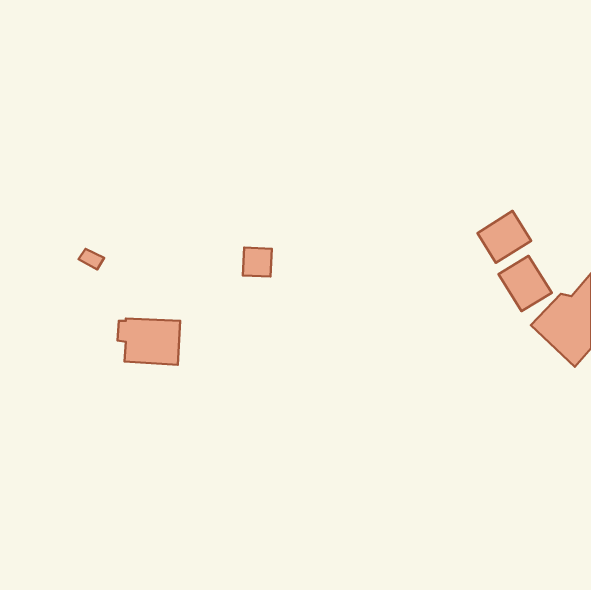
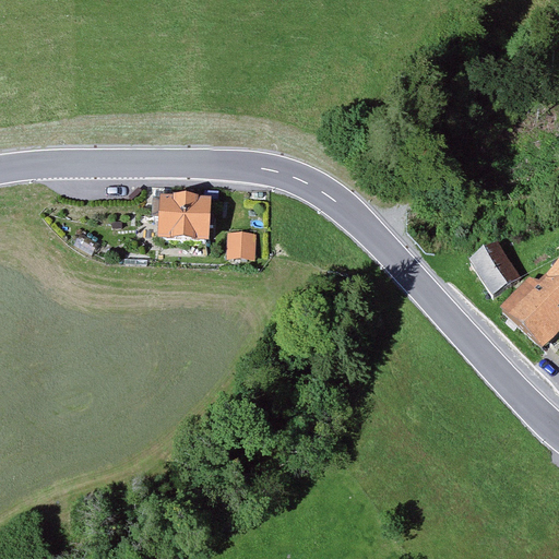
building: [477,211,531,263] -> none
building: [118,319,180,365] -> [152,194,211,238]

